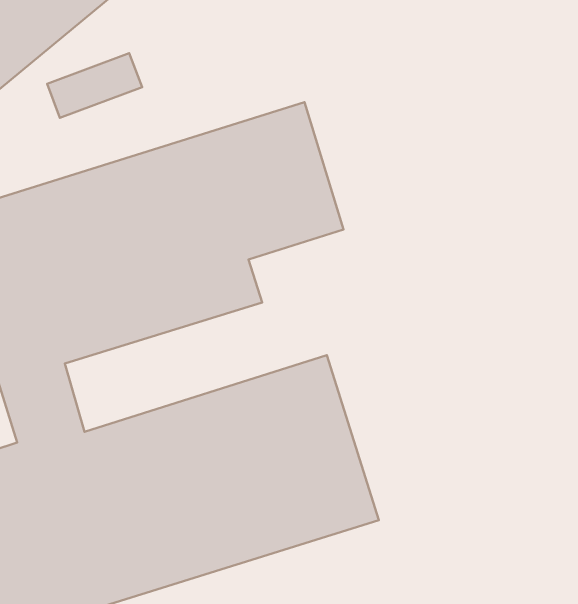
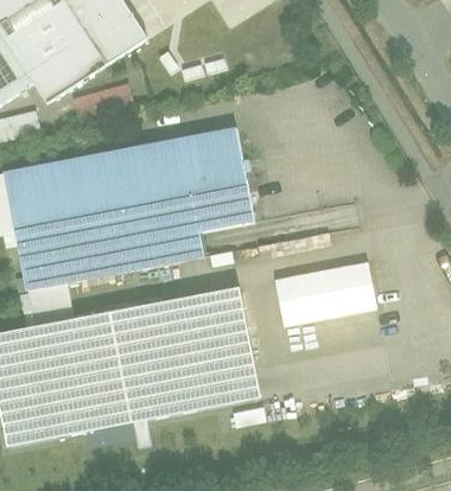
building: none -> [277,262,379,324]

